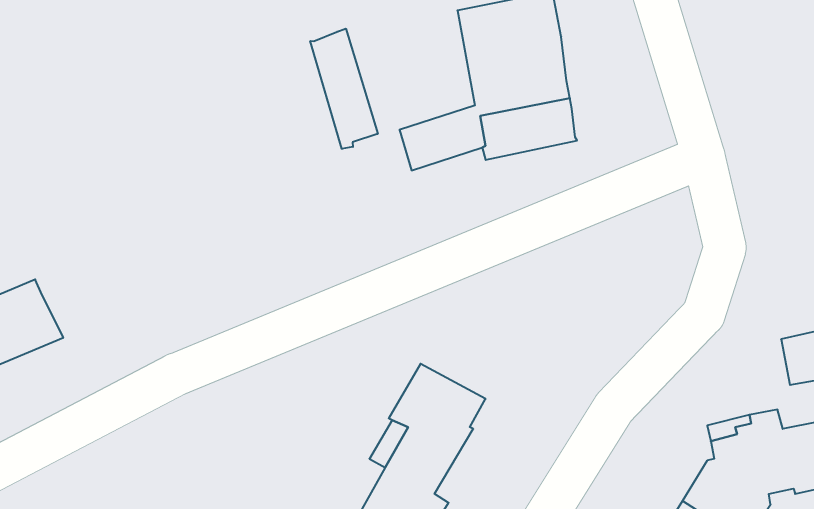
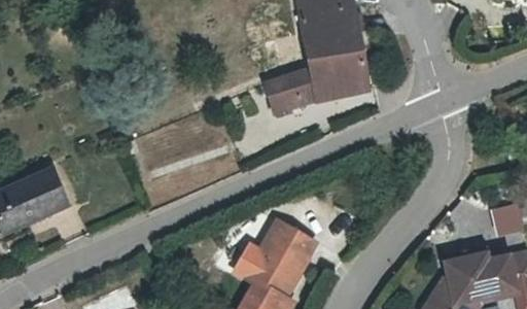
building: [310,29,378,149] -> none

